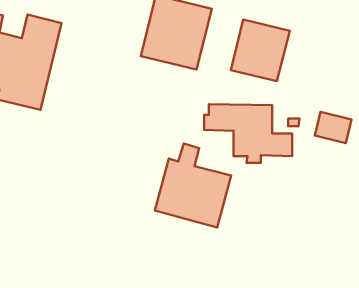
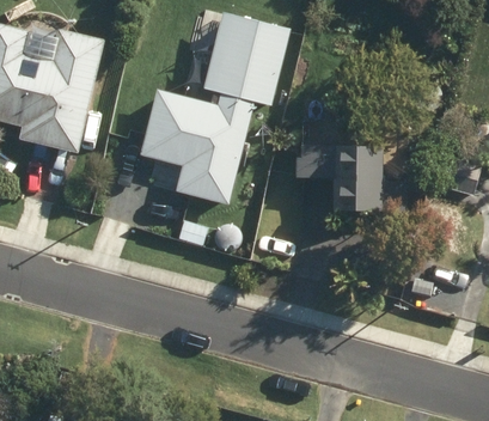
building: [231,19,290,81] -> none
building: [155,144,231,228] -> [147,102,244,208]

